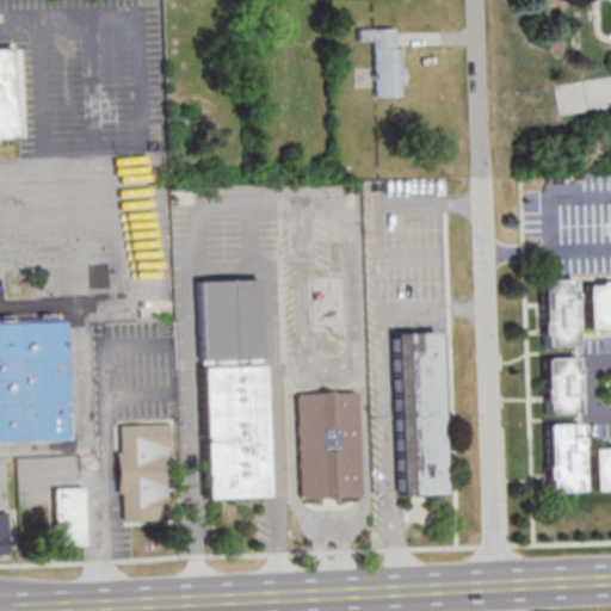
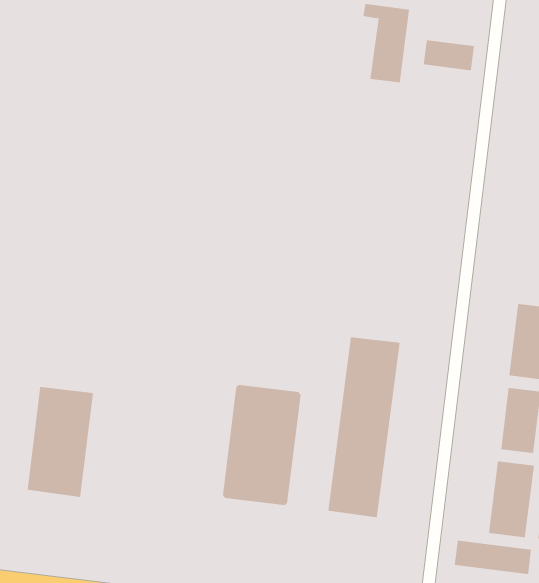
building: none -> [423,39,474,71]
building: [203,280,272,500] -> none
building: none -> [454,540,532,575]

